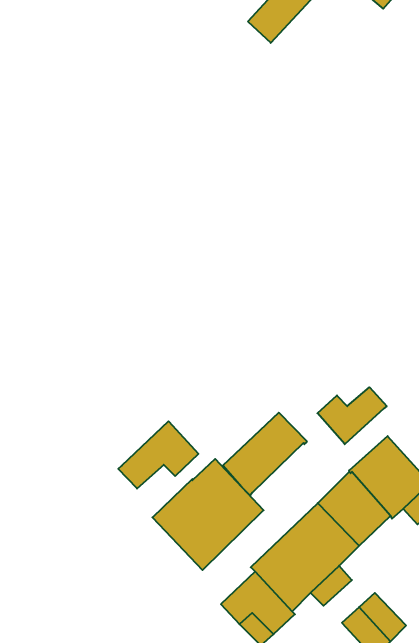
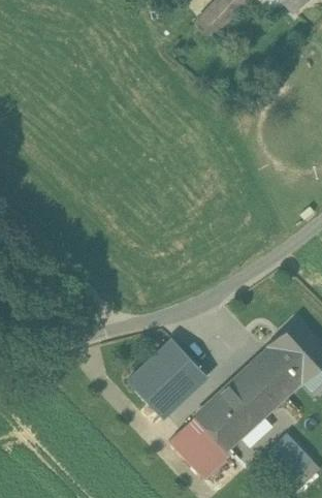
building: [317,387,387,444] -> none
building: [223,413,307,496] -> none
building: [118,421,198,489] -> none

